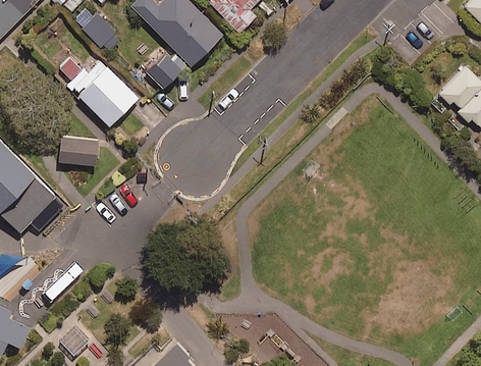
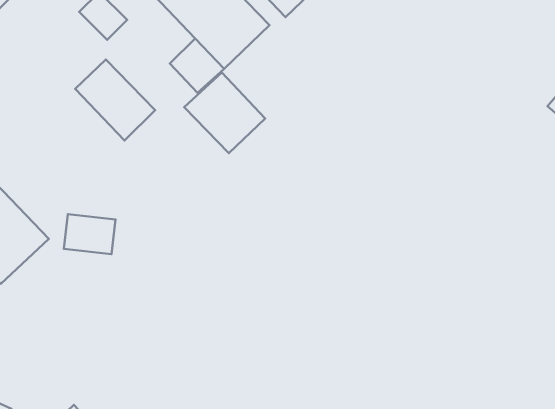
building: none -> [184,72,265,153]
building: [58,135,98,165] -> [64,214,116,254]

